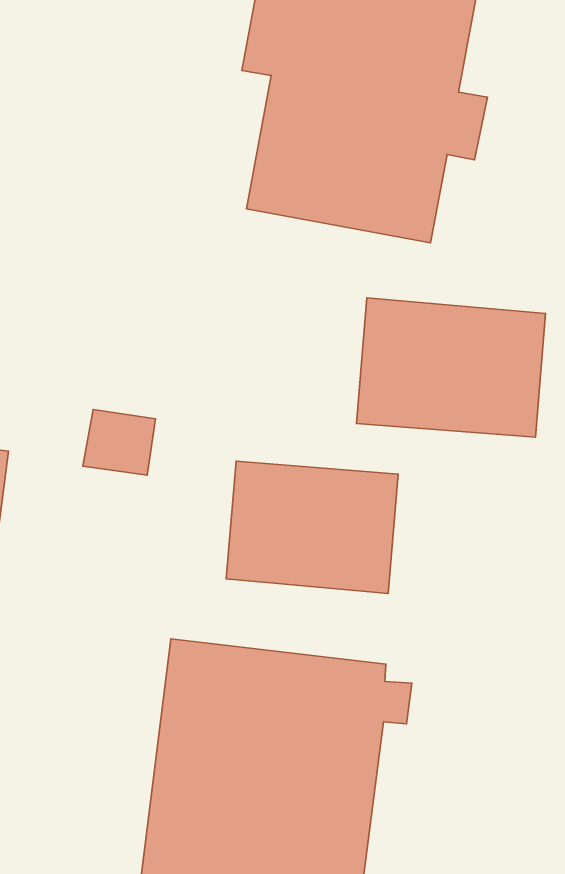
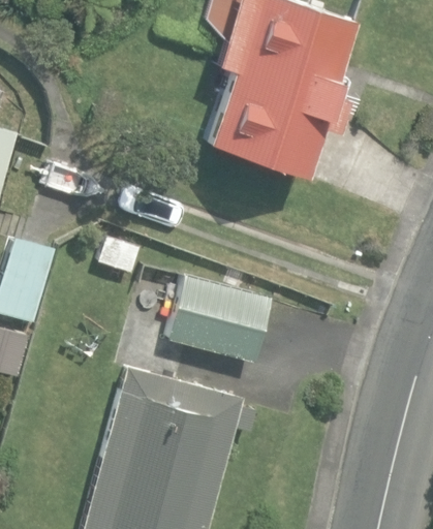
building: [356,298,545,437] -> none

